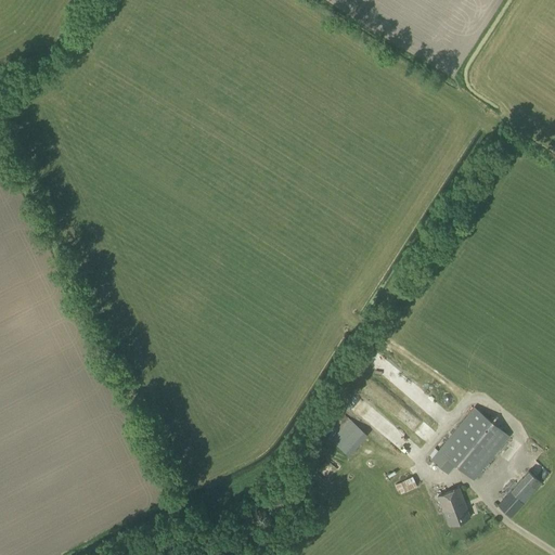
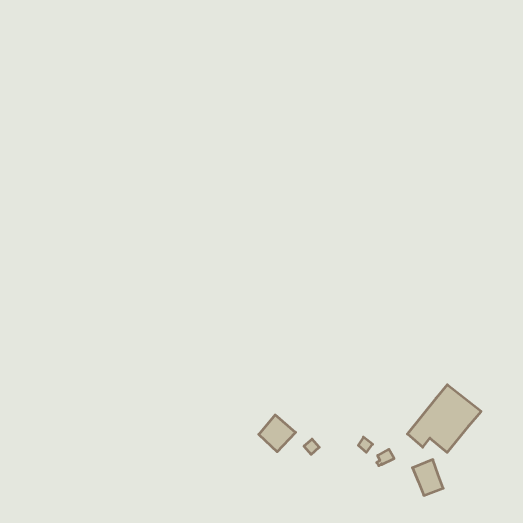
building: [328,416,367,455] -> [259,415,296,452]
building: [496,470,542,517] -> none

